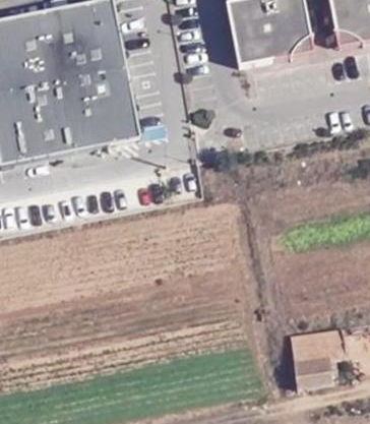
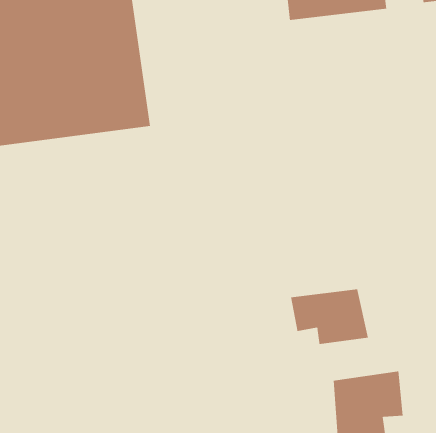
building: none -> [291,288,369,345]

